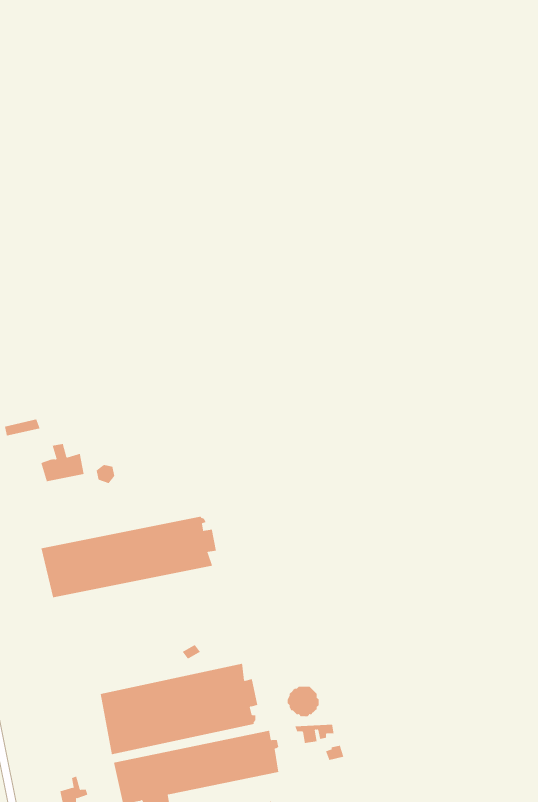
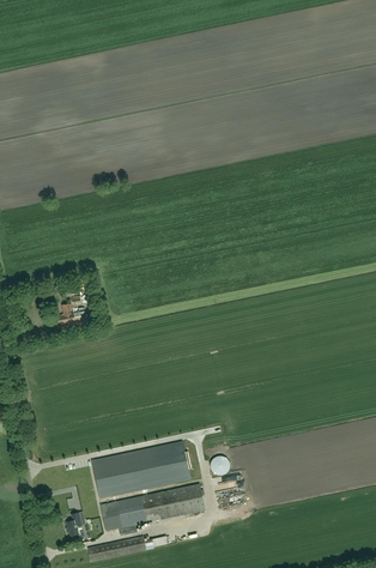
building: [41,516,217,598] -> none

